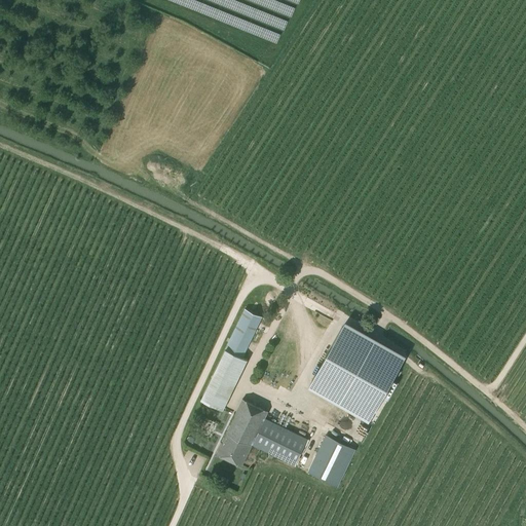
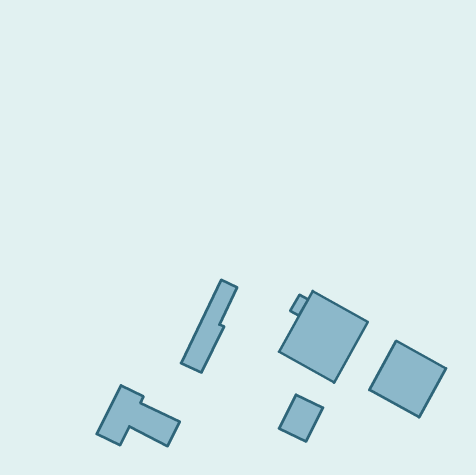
building: none -> [369,341,446,417]
building: [216,401,307,467] -> [97,385,180,446]

